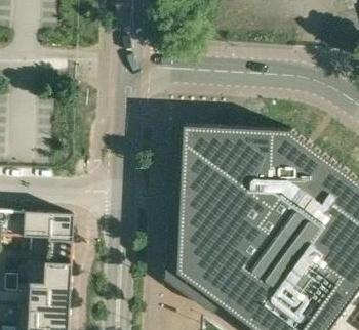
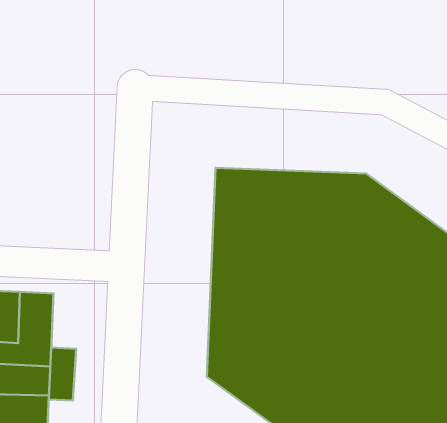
building: none -> [49,348,76,401]

